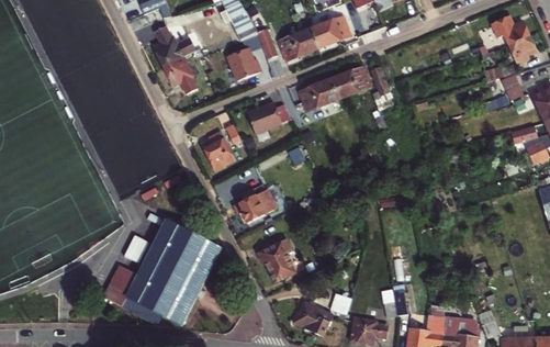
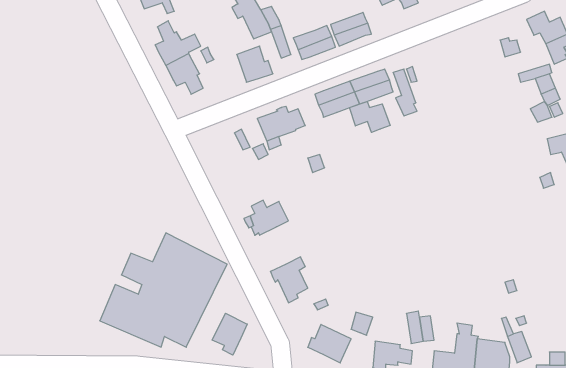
building: none -> [349,102,390,132]
building: [202,130,233,167] -> none
building: none -> [212,313,247,355]

